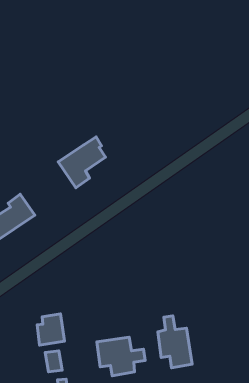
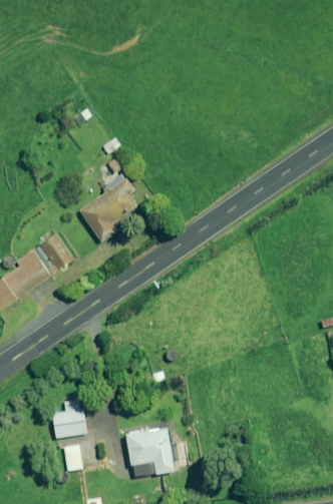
building: none -> [40,233,73,270]
building: [158,316,192,368] -> none

